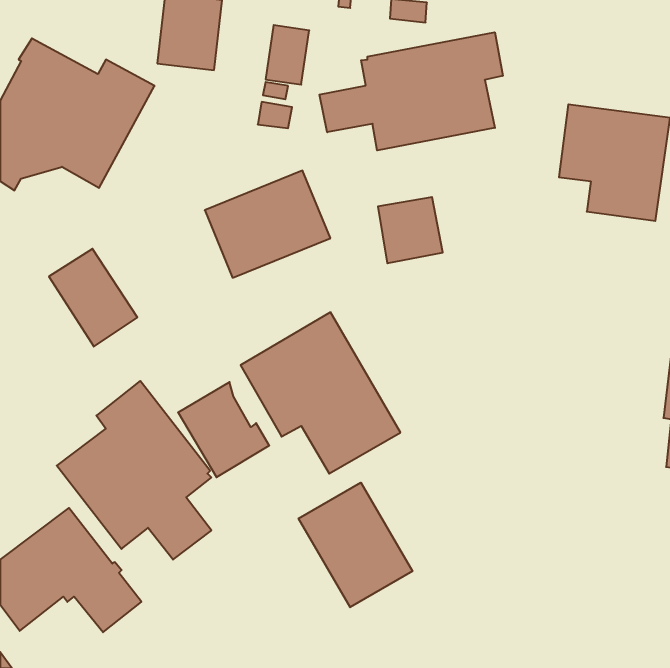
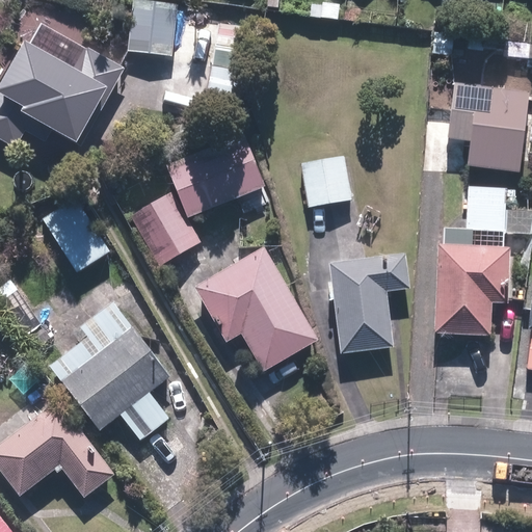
building: [319,32,503,150] -> none
building: none -> [433,185,510,336]
building: none -> [328,251,410,353]
building: [178,382,269,477] -> [131,190,203,265]
building: [299,483,412,607] -> none

